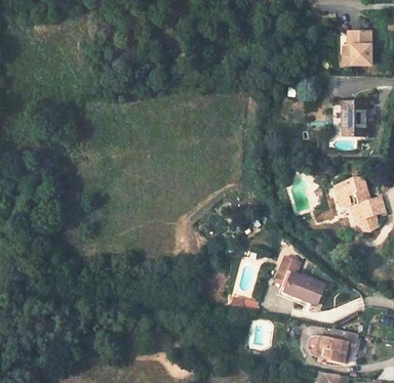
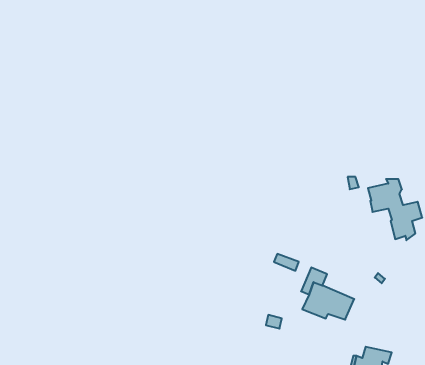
building: [340,32,368,66] -> none
building: [343,101,365,134] -> none

